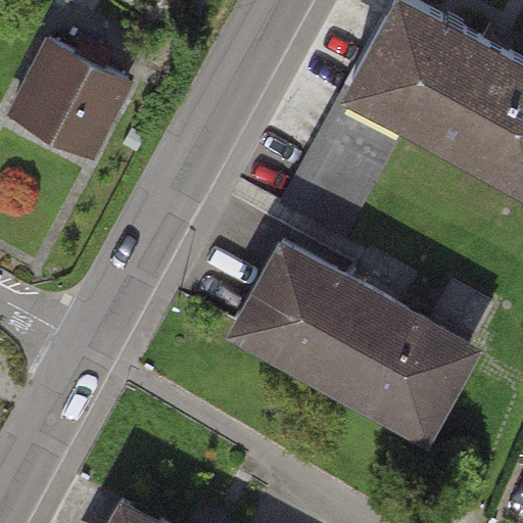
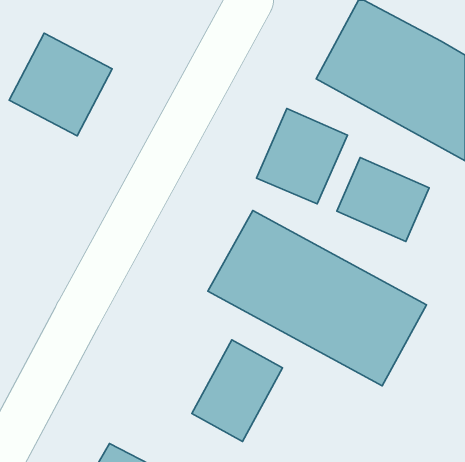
building: none -> [337,157,429,241]
building: none -> [192,340,282,441]

